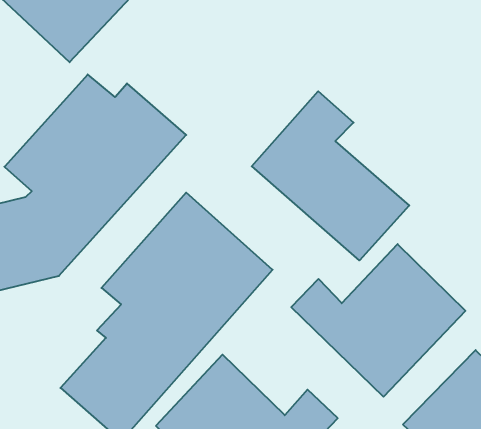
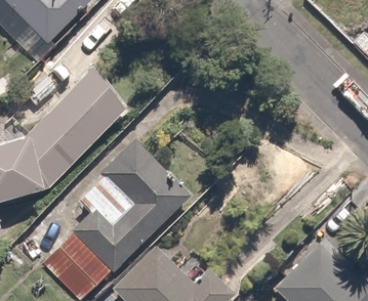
building: [252,91,409,260] -> none
building: [291,244,465,397] -> none

